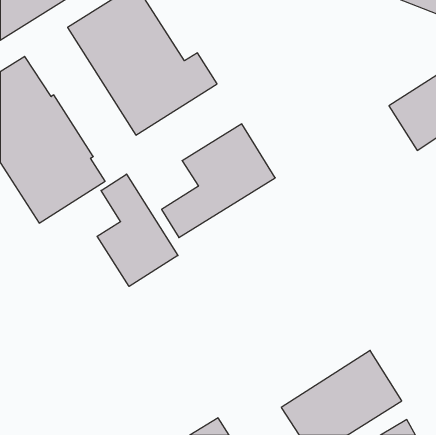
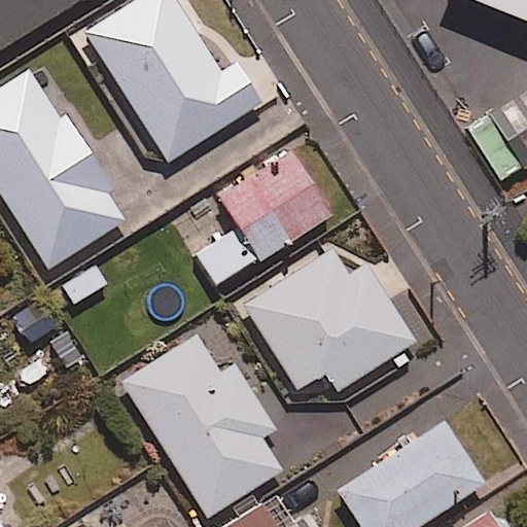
building: [97,174,178,286] -> none
building: none -> [242,246,417,390]
building: none -> [122,333,282,516]

